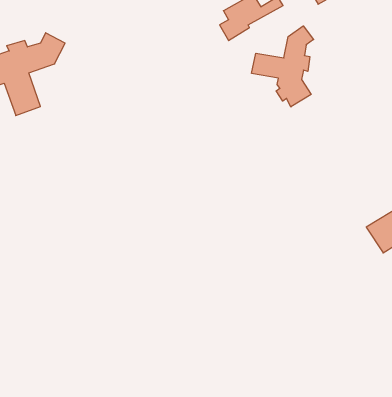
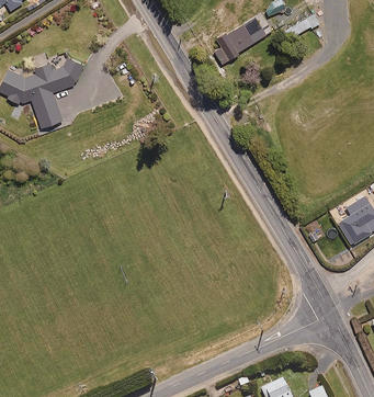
building: [252,26,314,107] -> none

